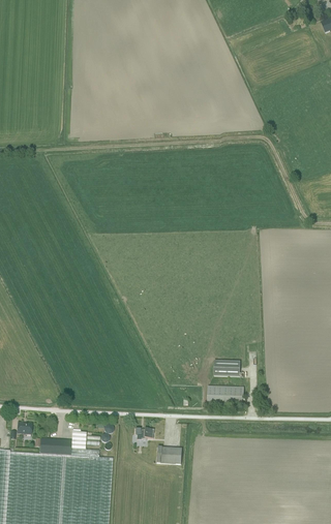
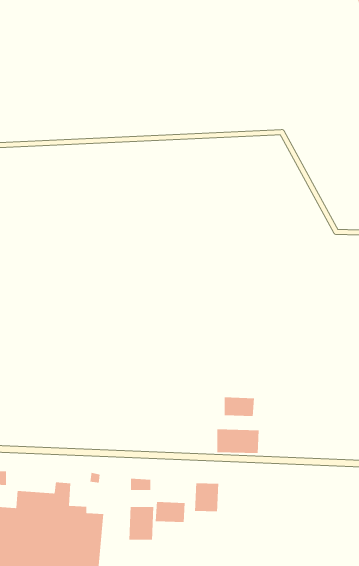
building: none -> [195,483,219,512]
building: none -> [129,506,154,541]

